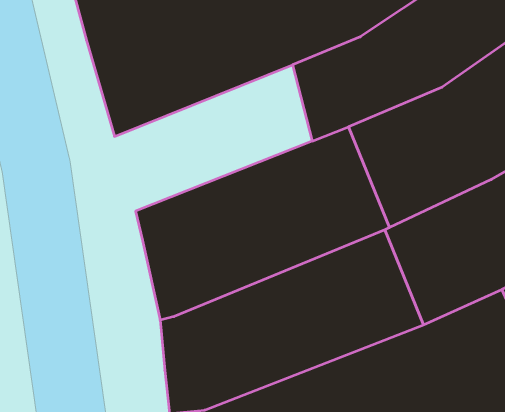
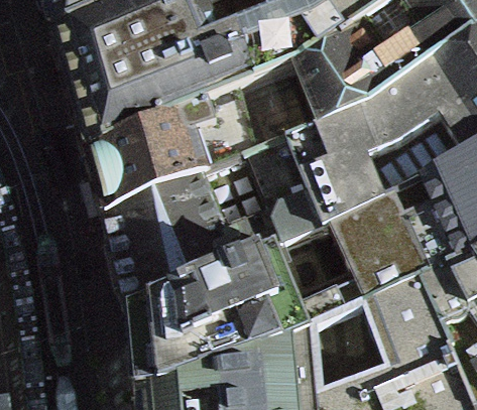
building: none -> [103,85,273,211]

